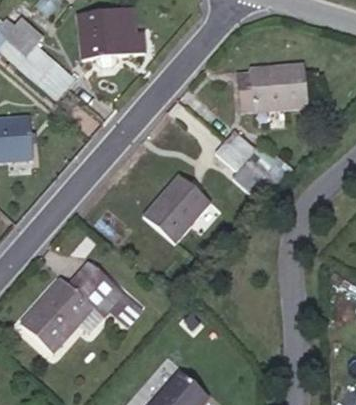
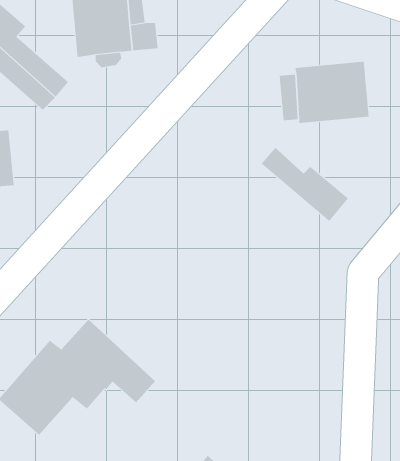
building: [214,141,269,197] -> none
building: [142,173,210,242] -> none

